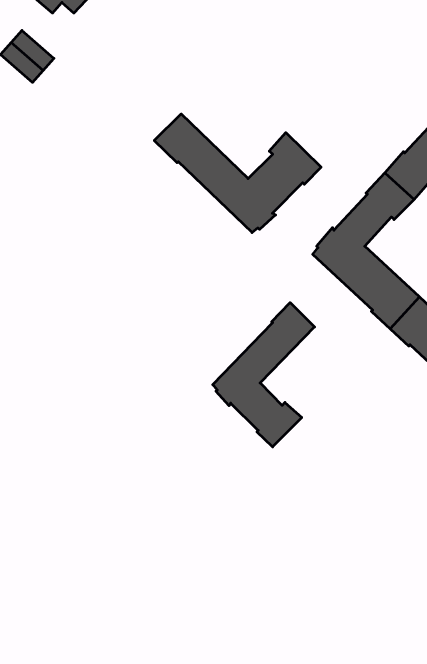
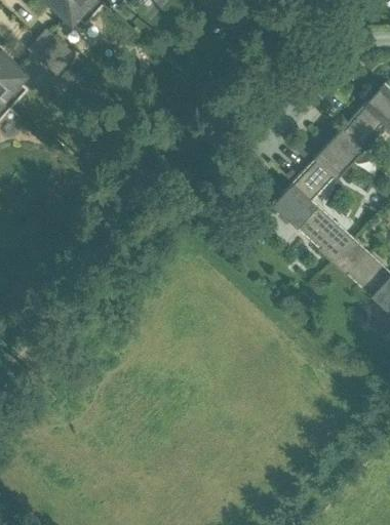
building: [154,114,321,233] -> none
building: [213,303,315,447] -> none

